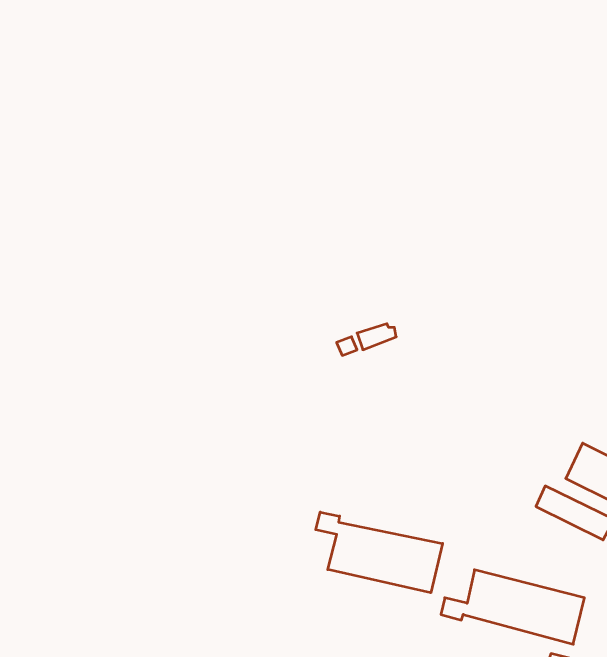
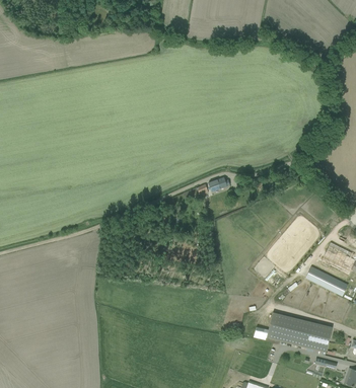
building: [316,512,443,593] -> none

